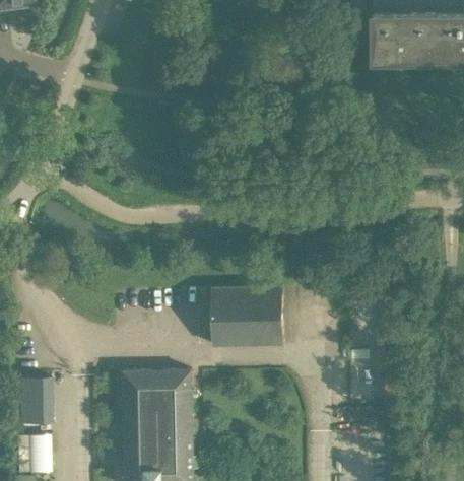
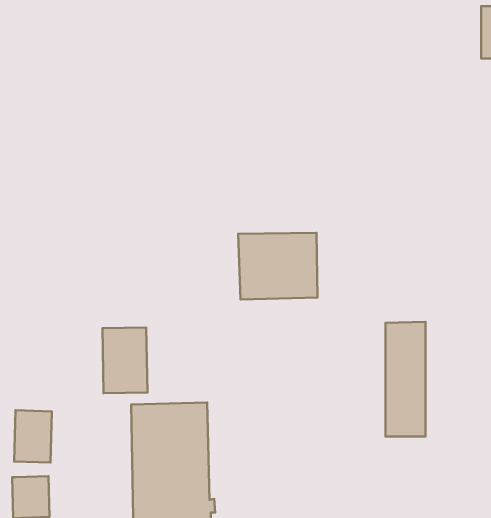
building: [373,16,437,63] -> none
building: [212,288,283,348] -> [238,233,318,300]
building: none -> [102,328,147,393]

